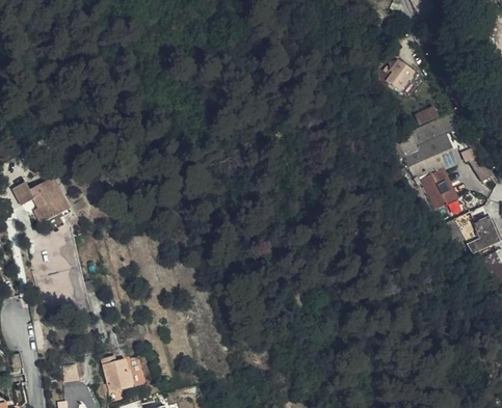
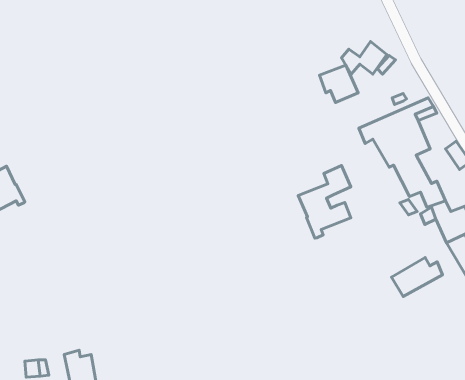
building: none -> [319,65,358,103]
building: none -> [298,166,351,238]
building: none -> [392,257,442,296]

